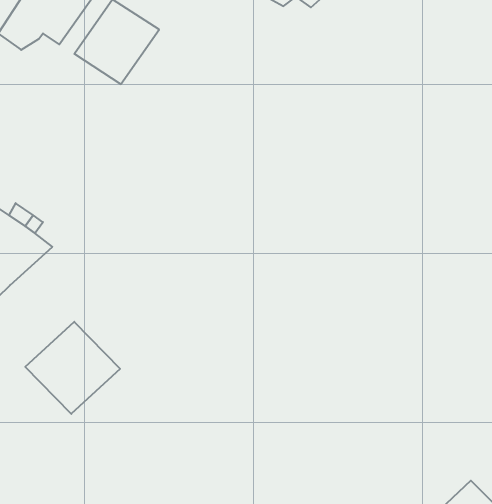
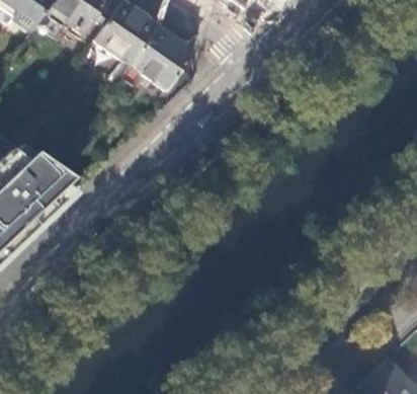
building: none -> [127,23,193,89]
building: [25,322,120,414] -> none

